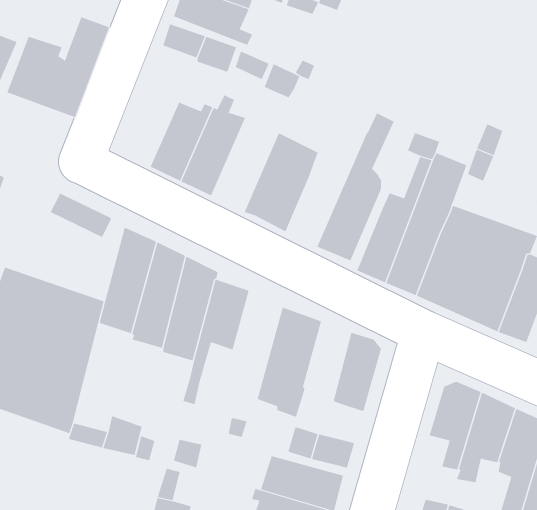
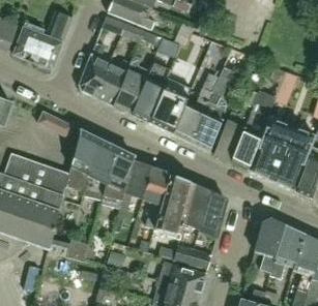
building: none -> [80,41,112,96]
building: none -> [131,61,171,121]
building: none -> [172,71,220,142]
building: none -> [143,166,171,228]
building: none -> [183,184,210,229]

